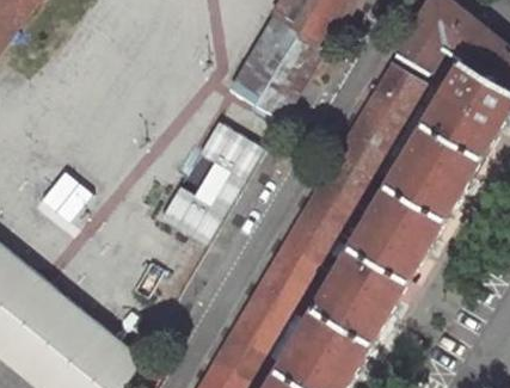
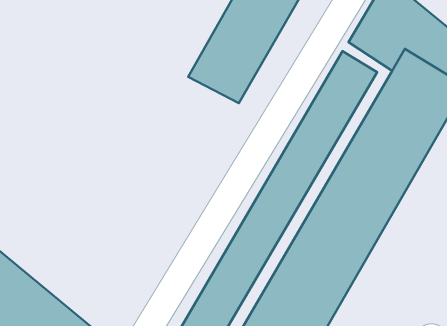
building: [159,121,264,245] -> none

